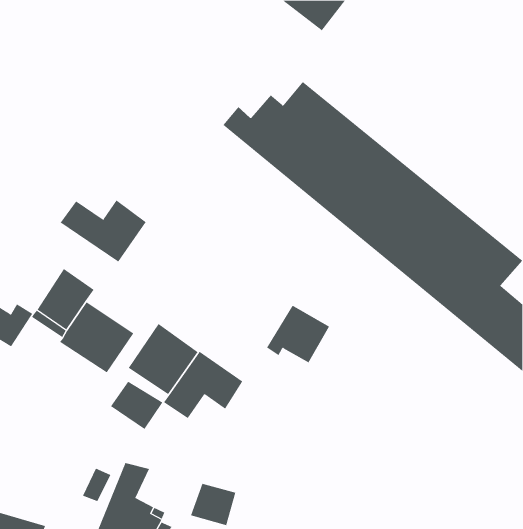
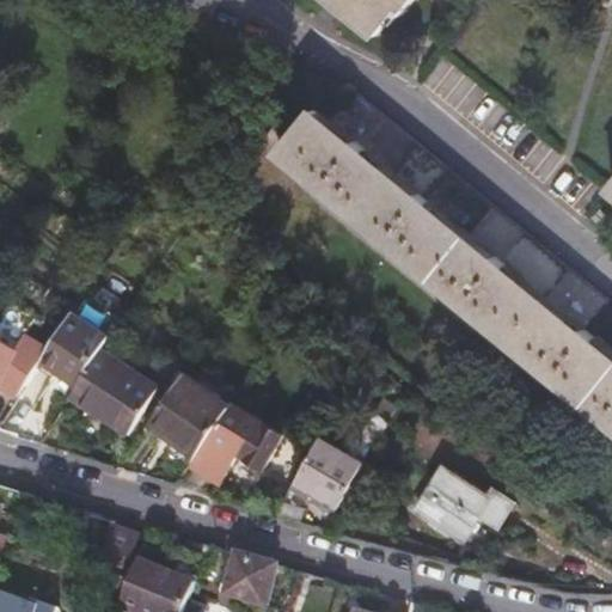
building: [60,199,146,262] -> none
building: [266,305,330,363] -> [284,442,357,509]
building: [110,381,163,430] -> none
building: none -> [405,466,498,541]

